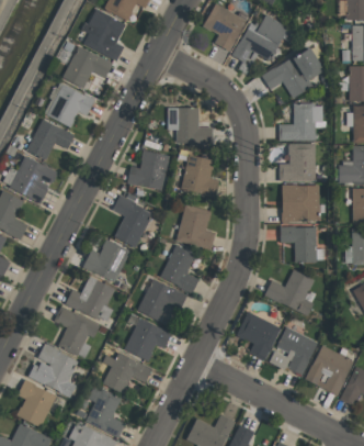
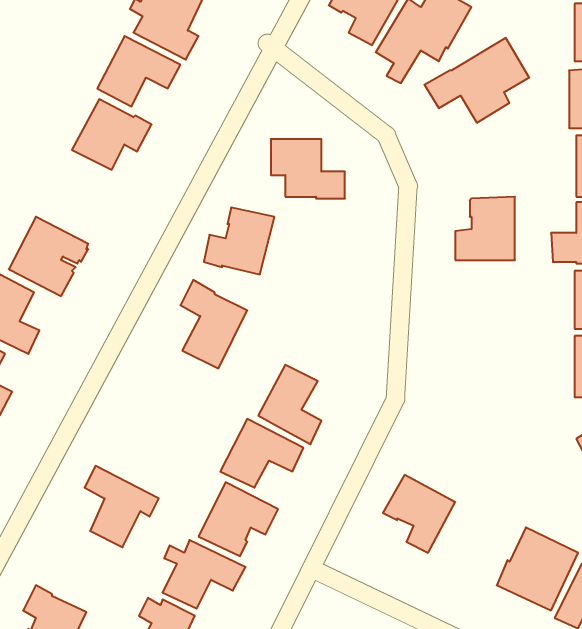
building: [280,102,323,140] -> none
building: [26,119,75,160] -> none
building: [180,154,219,197] -> none
building: [282,183,319,221] -> none
building: [177,204,216,249] -> none
building: [280,226,317,263] -> none
building: [82,238,130,281] -> none
building: [264,269,315,316] -> none
building: [65,276,115,320] -> none
building: [269,326,318,375] -> none
building: [29,343,79,398] -> none

